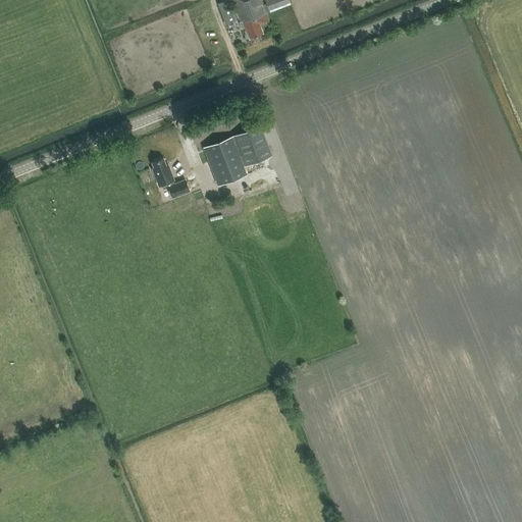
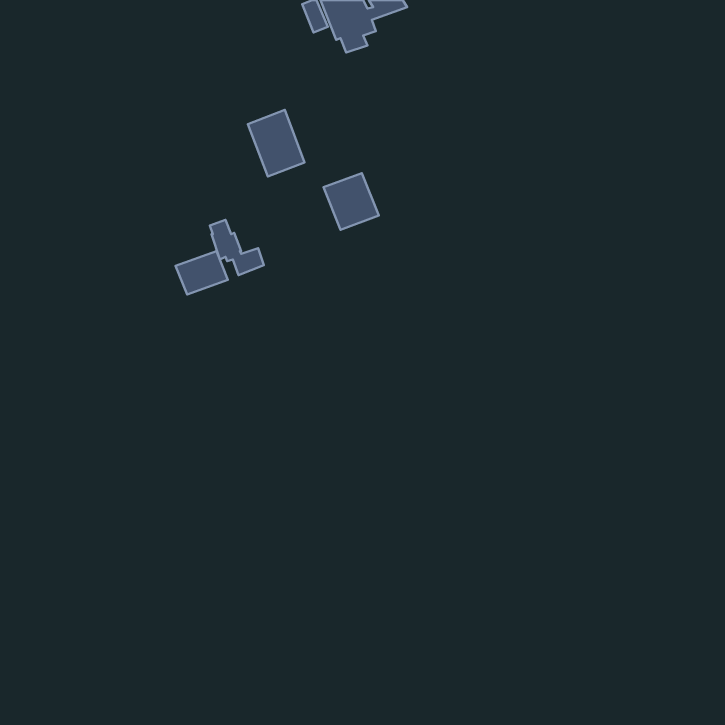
building: [205,136,246,184] -> [248,110,305,177]
building: none -> [176,251,228,295]

